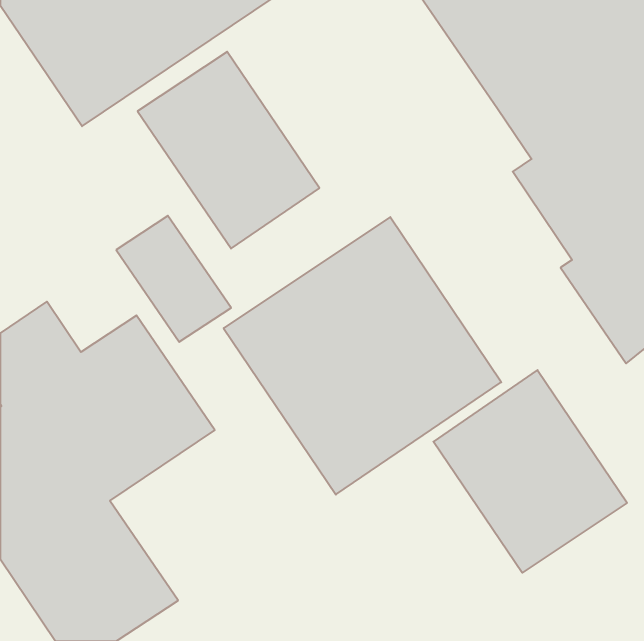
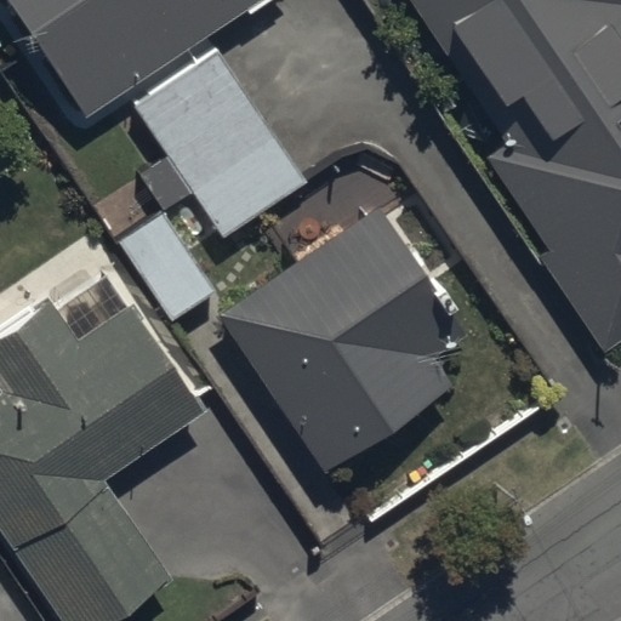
building: [433,370,627,573] -> none

